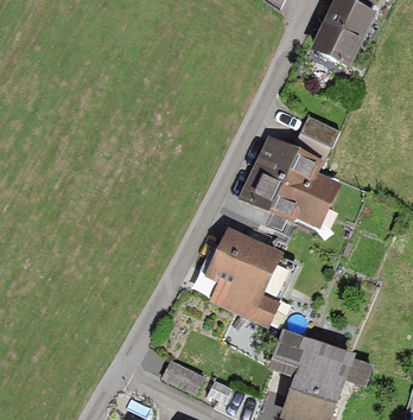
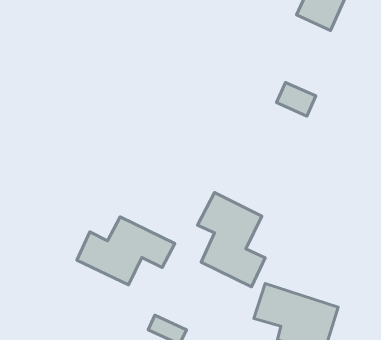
building: [240,133,339,229] -> none
building: none -> [77,217,175,285]

